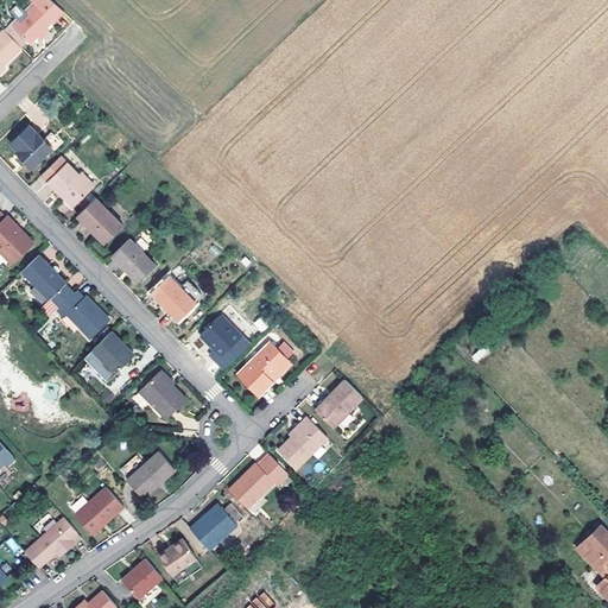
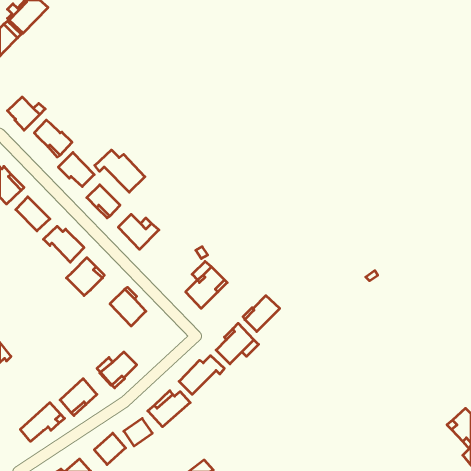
building: none -> [95,150,145,192]
building: [201,317,241,362] -> none

